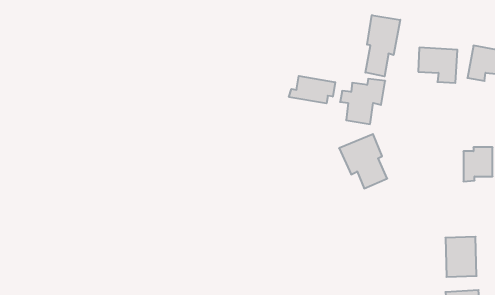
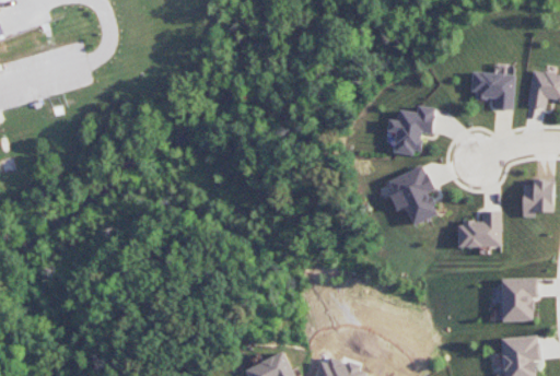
building: [365,15,400,76] -> none
building: [289,76,335,103] -> none
building: none -> [457,211,500,248]

